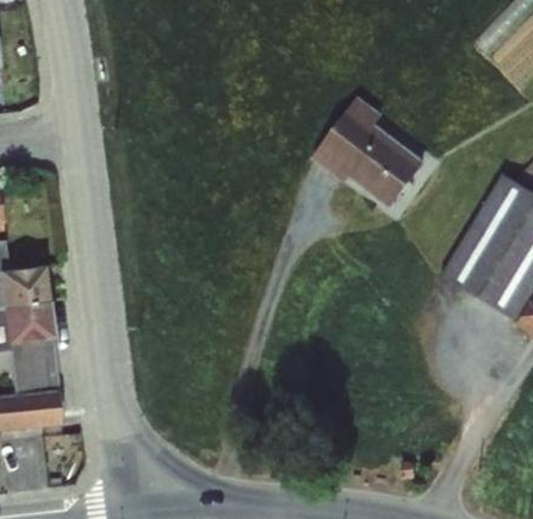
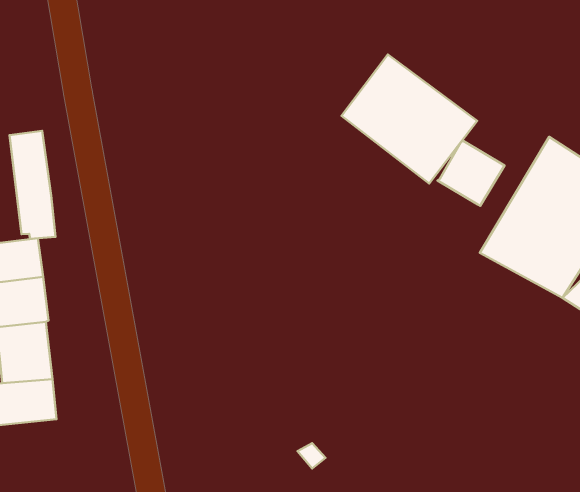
building: none -> [9,131,55,239]
building: none -> [438,141,504,206]

